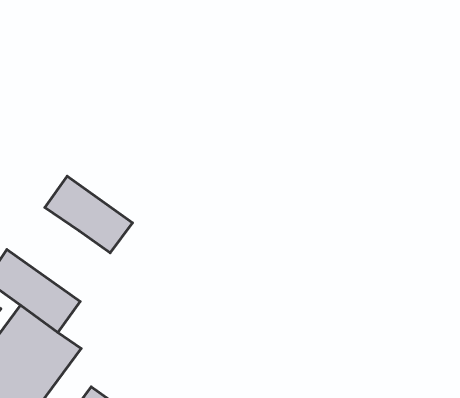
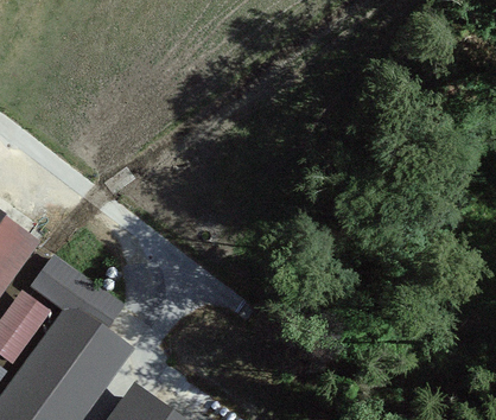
building: [45,176,133,253] -> none

